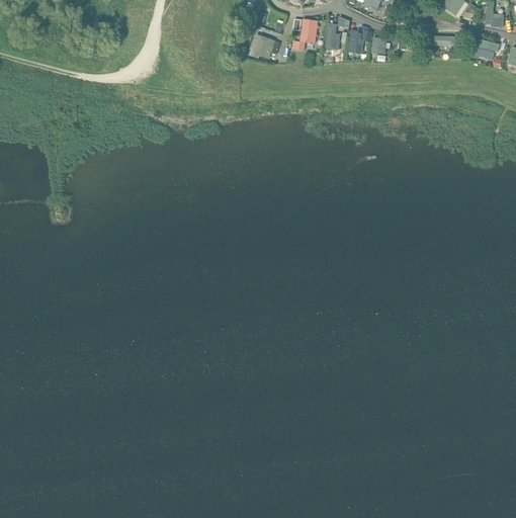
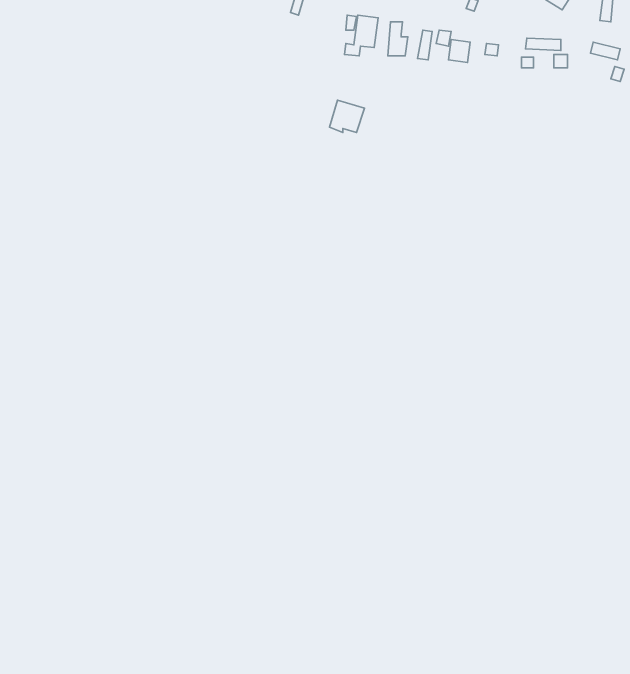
building: [249,34,275,59] -> [329,100,365,132]

